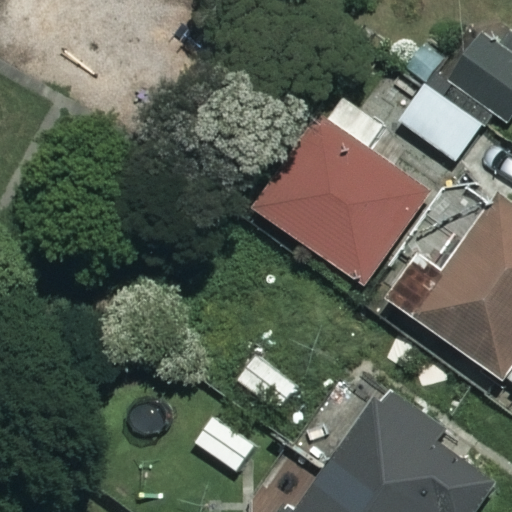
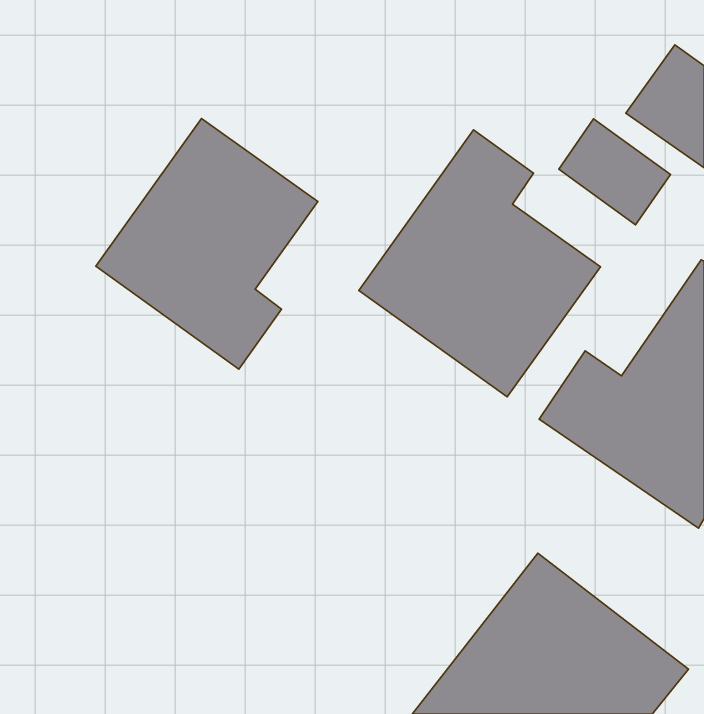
building: none -> [96,118,318,369]

